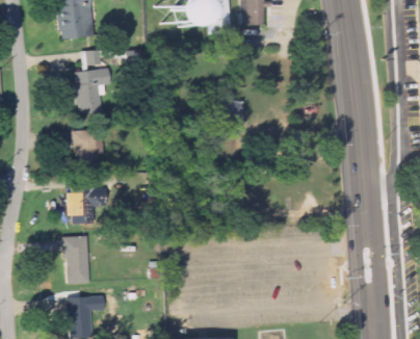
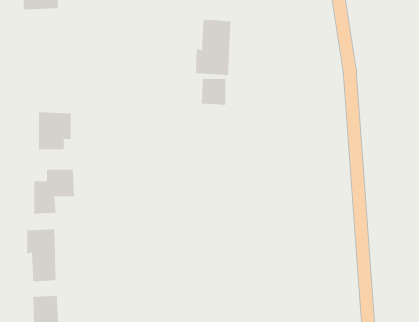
building: none -> [196,19,231,76]
building: [75,49,105,113] -> none

